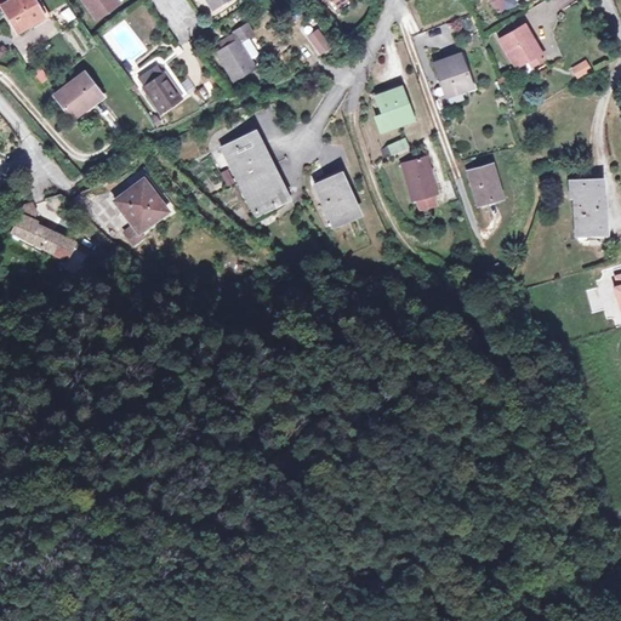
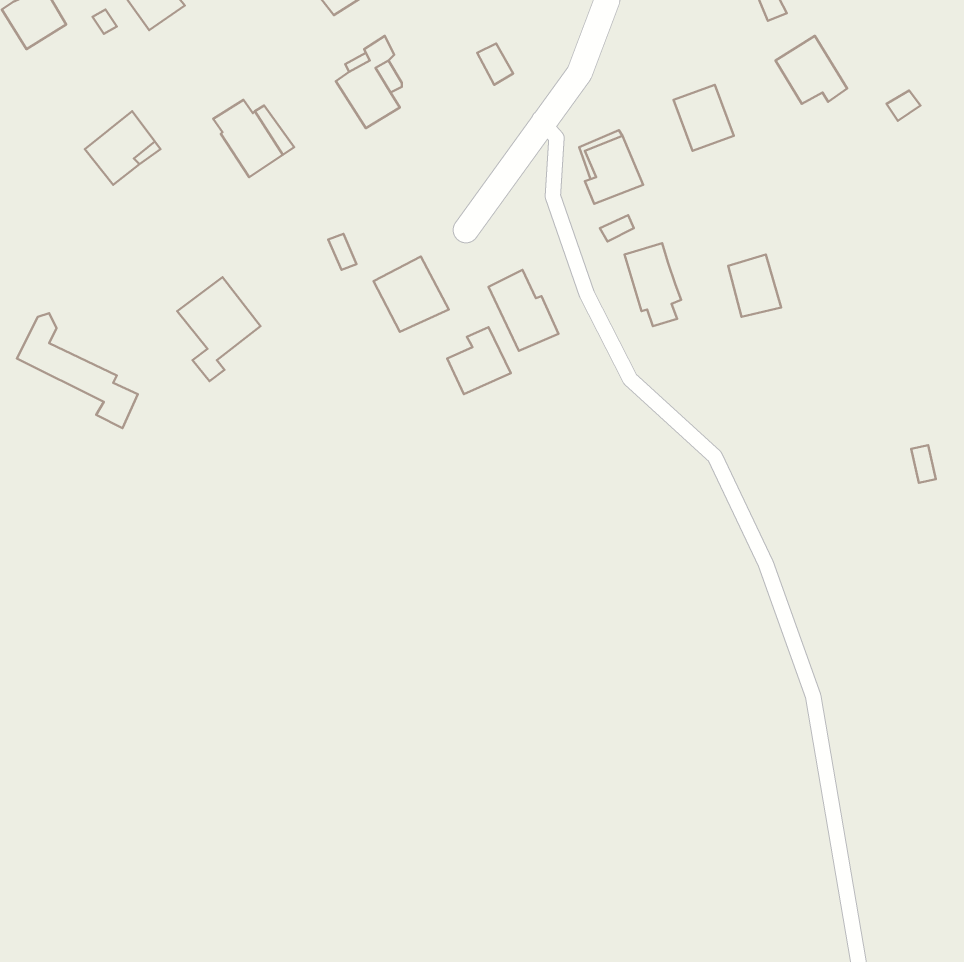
building: [223,132,270,181] -> none
building: [570,178,604,234] -> none
building: none -> [447,327,511,394]

